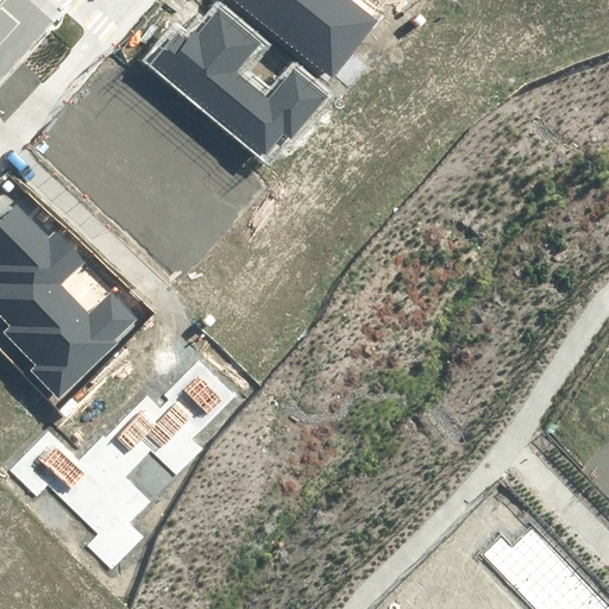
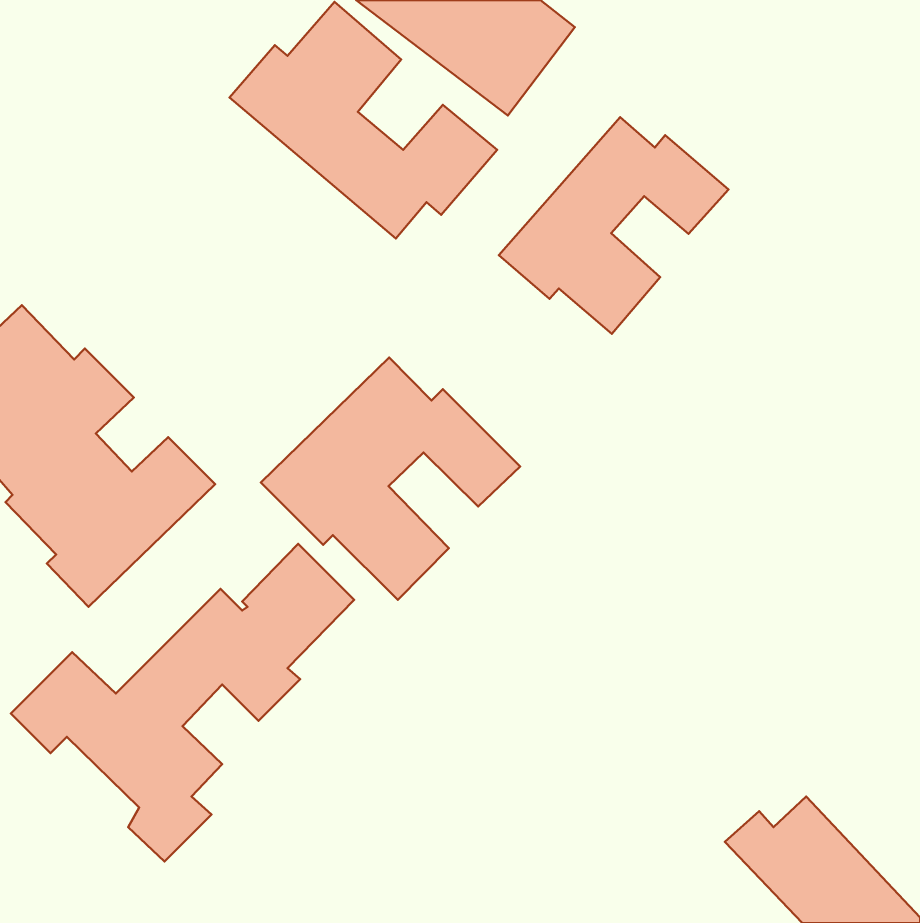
building: none -> [499,117,728,334]
building: none -> [261,357,520,600]

